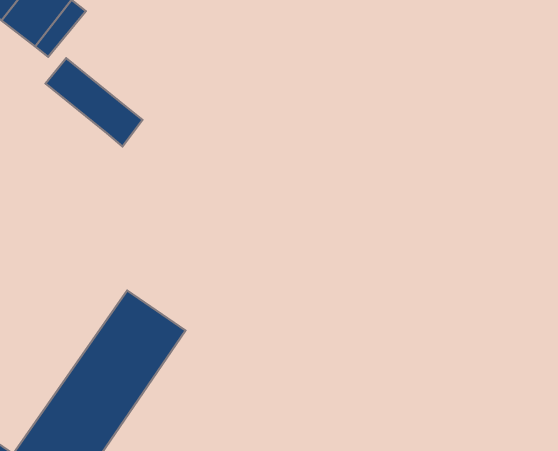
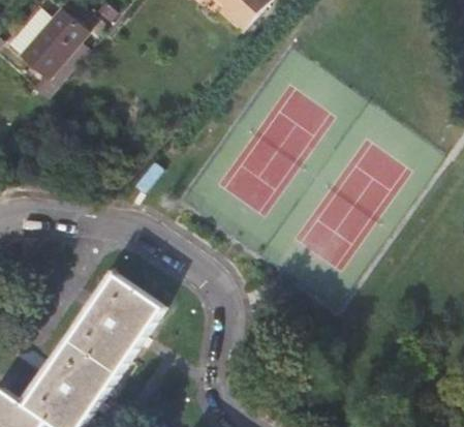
building: [45,58,143,147] -> none

